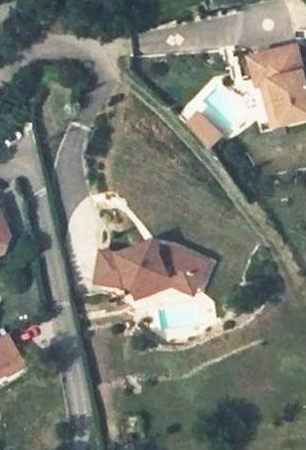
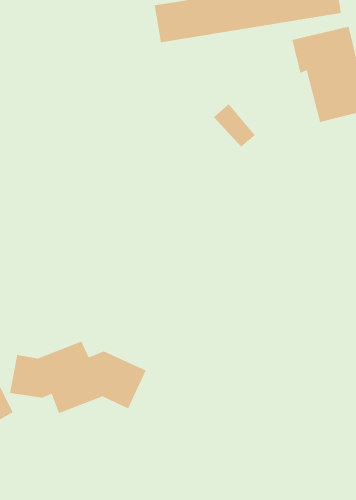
building: [95,240,207,300] -> [9,341,147,414]

